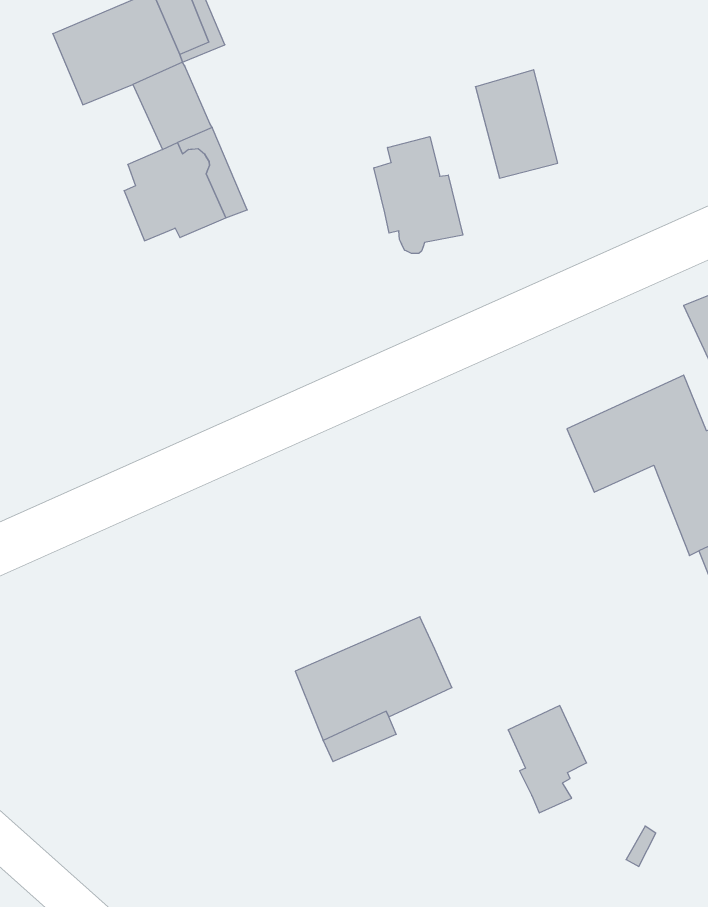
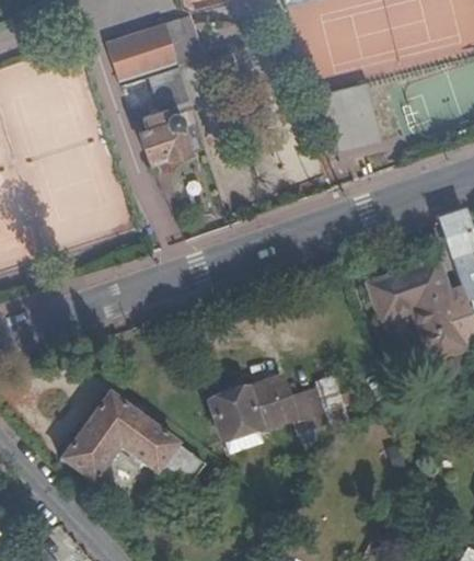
building: [374,137,463,253] -> none
building: none -> [60,392,206,491]
building: [508,706,587,813] -> [287,385,328,443]

